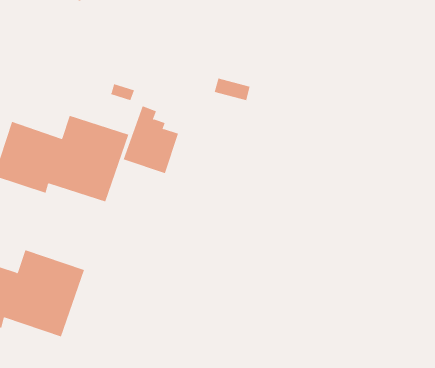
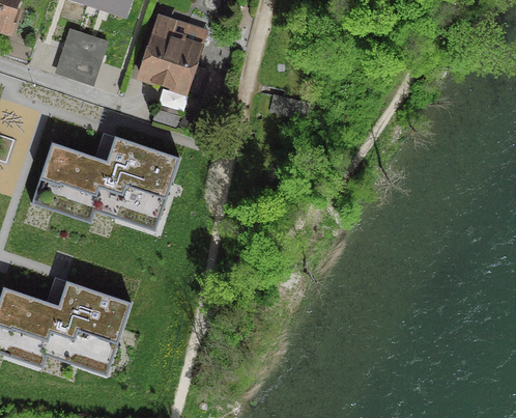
building: none -> [63,26,115,83]
building: [123,105,179,174] -> [137,18,197,91]

